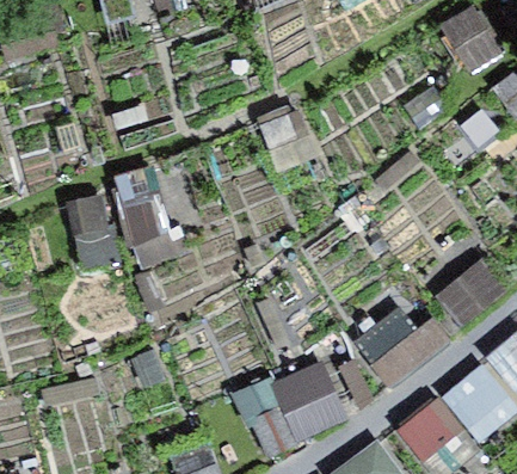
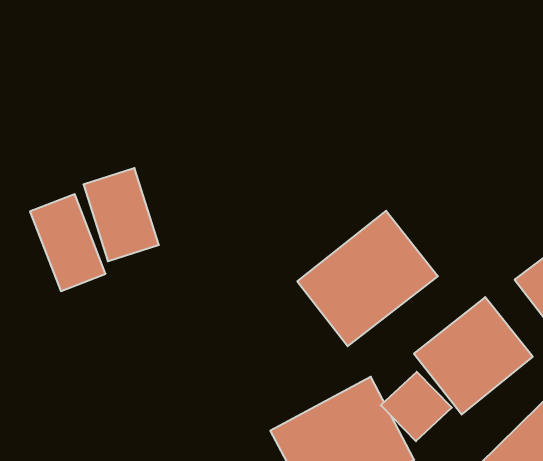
building: none -> [297,211,438,346]

